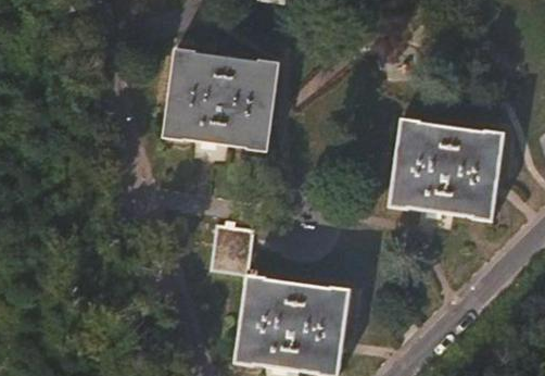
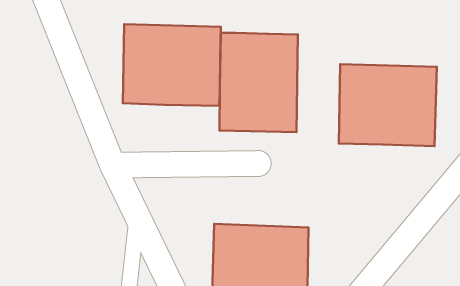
building: none -> [220,33,298,132]
building: [210,221,253,275] -> none

